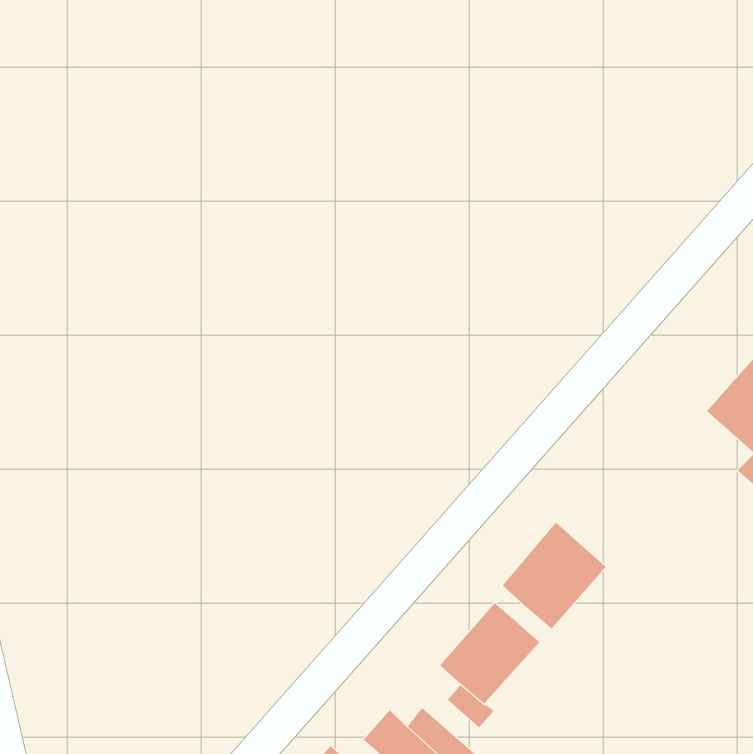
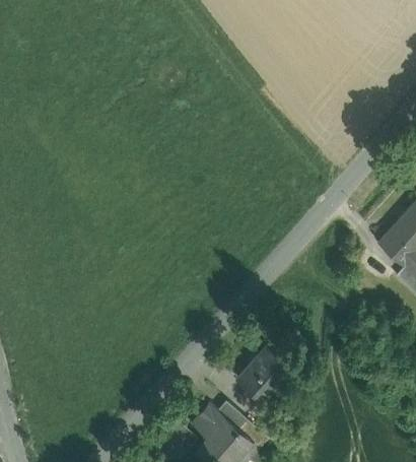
building: [501,522,607,629] -> none

